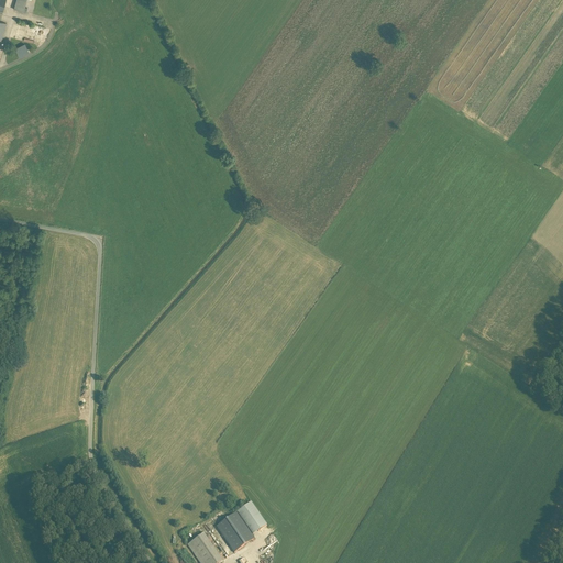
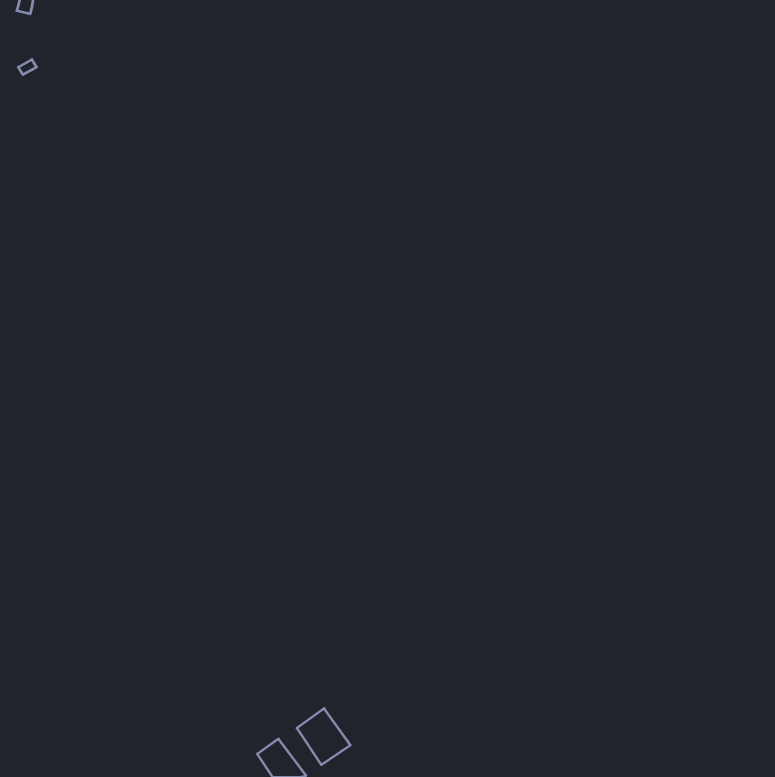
building: [234,501,265,534] -> none

